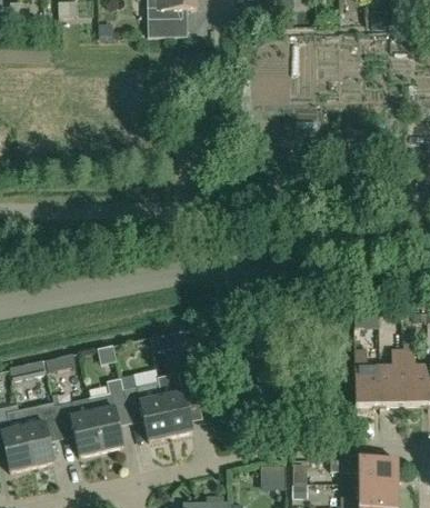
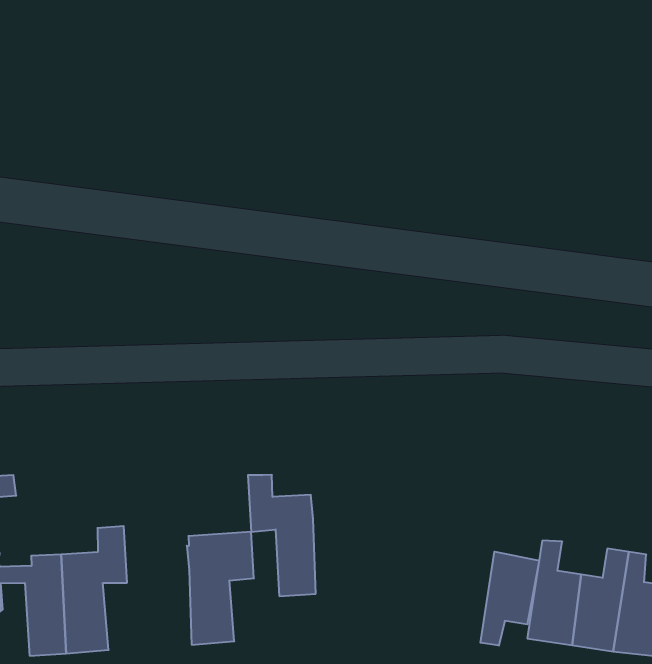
building: none -> [480,552,539,646]
building: [121,373,169,440] -> [248,475,316,596]

